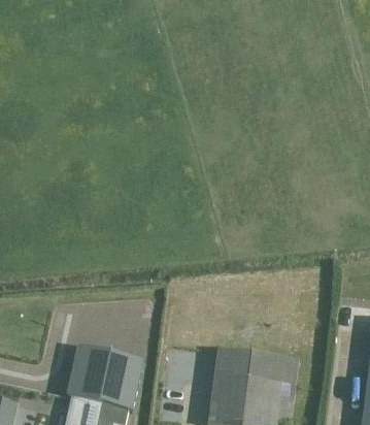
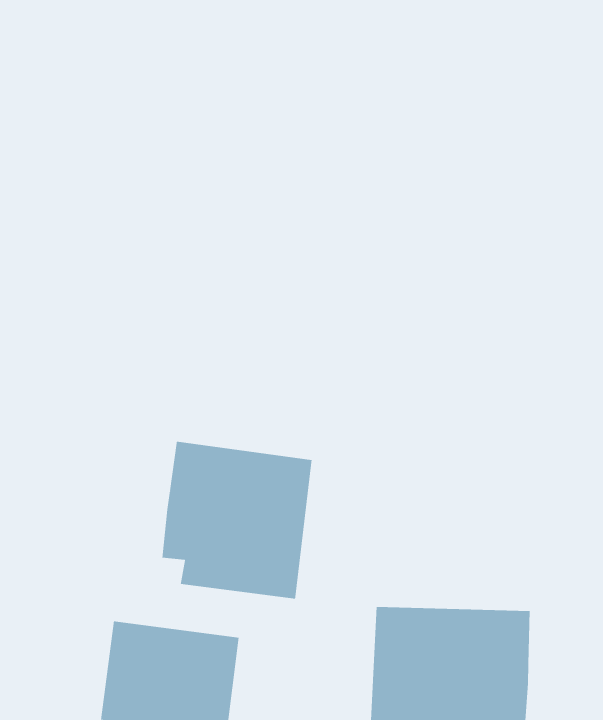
building: none -> [162,441,312,600]

